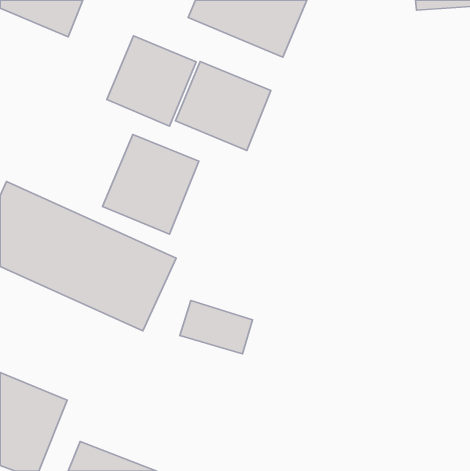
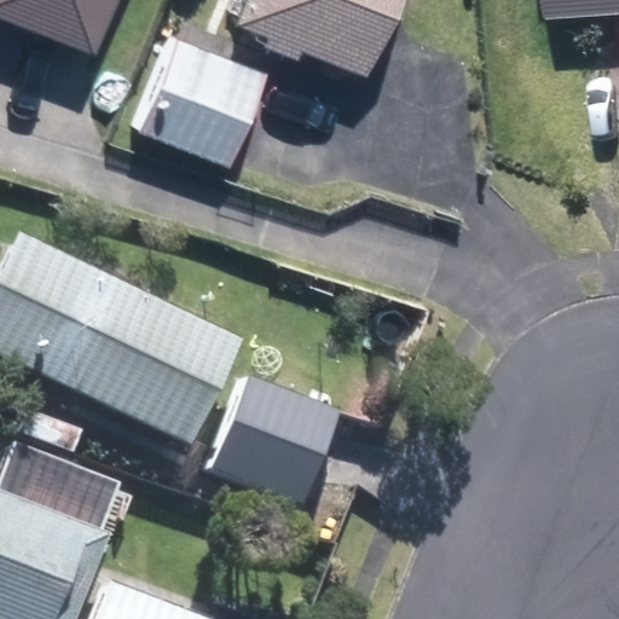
building: [175,61,271,151] -> none
building: [103,134,199,234] -> none

